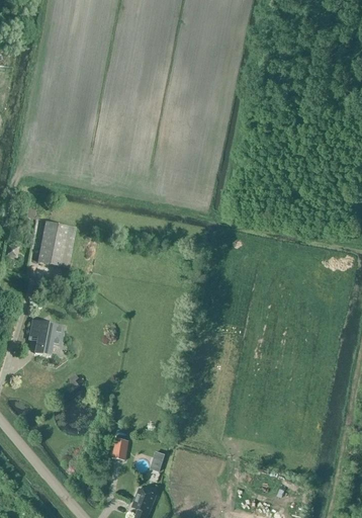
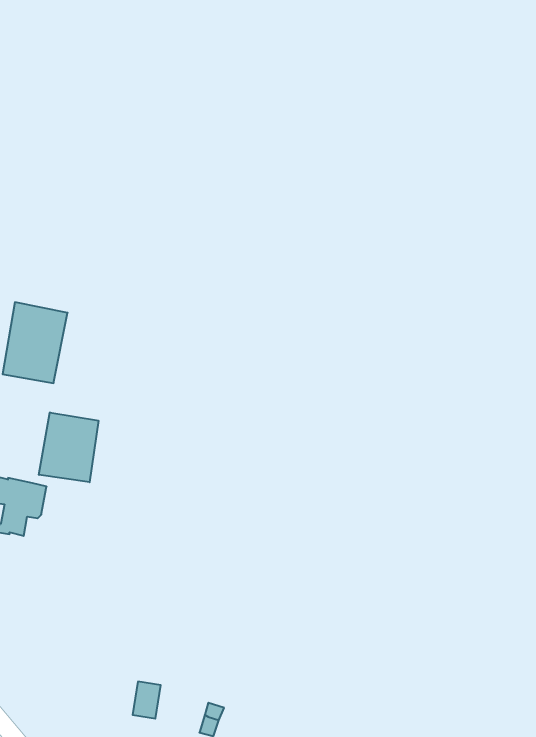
building: none -> [39,412,98,482]

